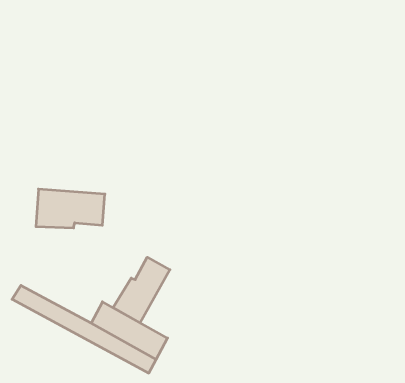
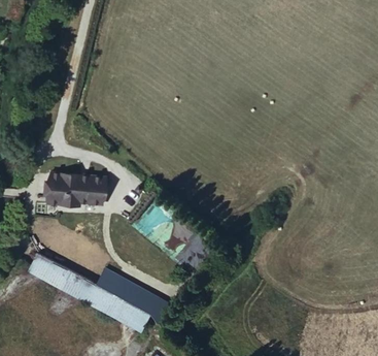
building: [113,257,170,323] -> none

